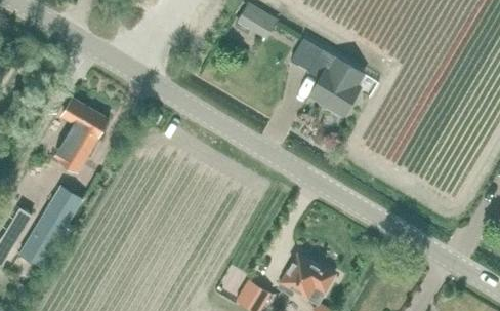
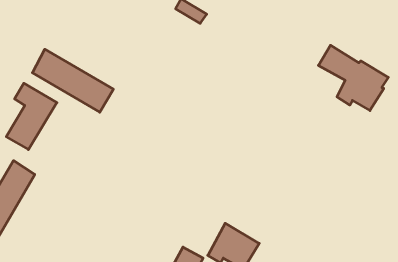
building: [288,38,366,111] -> [318,45,388,111]
building: none -> [32,49,113,112]

